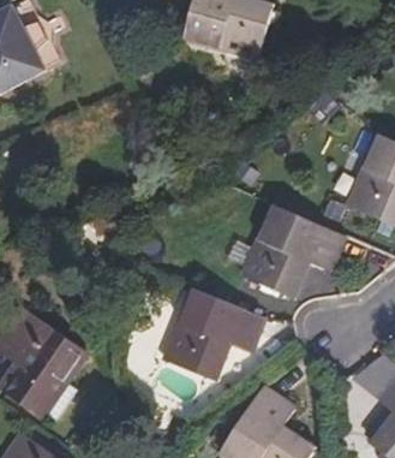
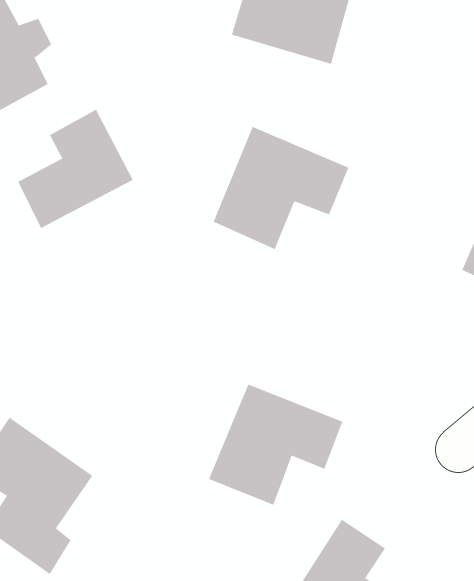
building: none -> [18,109,133,229]
building: [244,204,343,295] -> [213,126,349,250]

